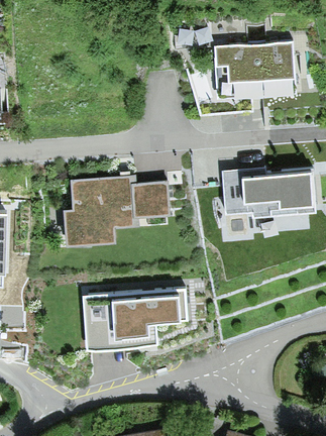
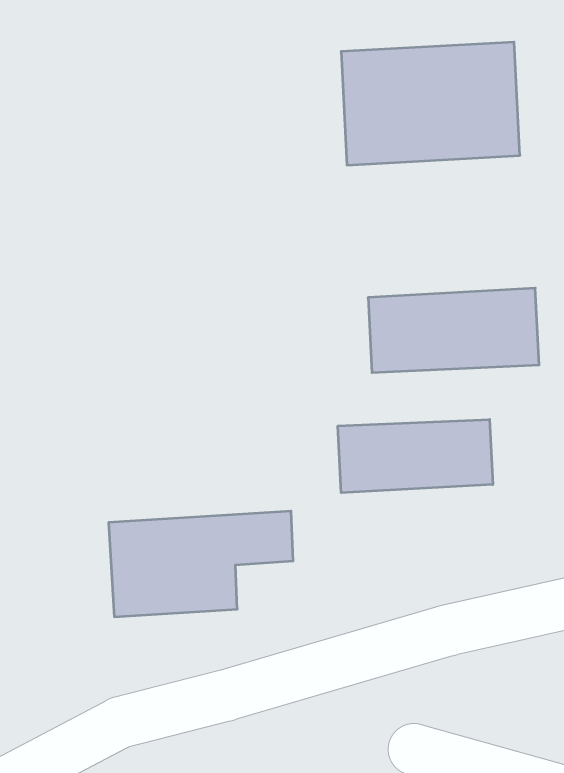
building: [66,175,169,239] -> none
building: none -> [338,419,493,493]

